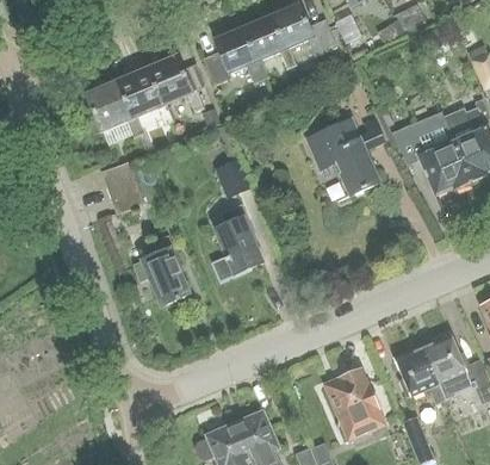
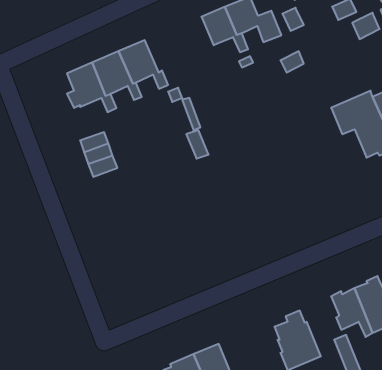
building: [203,26,269,86] -> none
building: [306,118,383,196] -> none
building: [211,204,262,279] -> none
building: [131,236,190,305] -> none

